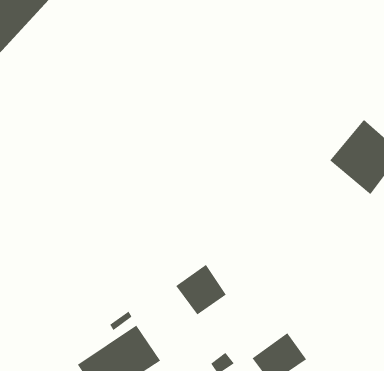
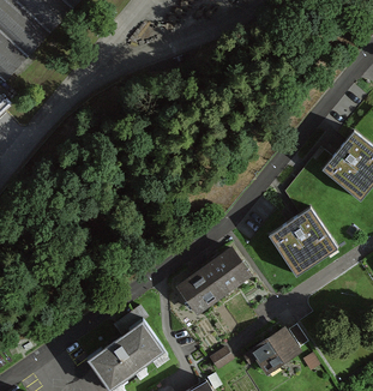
building: none -> [266,205,336,273]
building: none -> [206,243,254,291]

